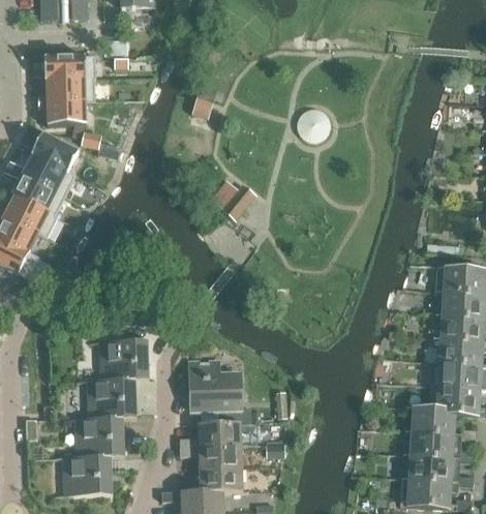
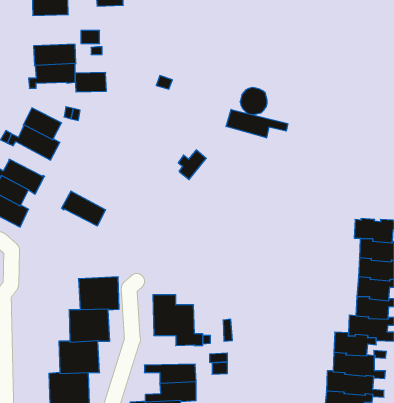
building: [47,101,85,125] -> [75,72,106,92]
building: none -> [226,109,288,138]
building: [10,174,64,216] -> [62,191,106,226]
building: [179,422,241,447] -> none

